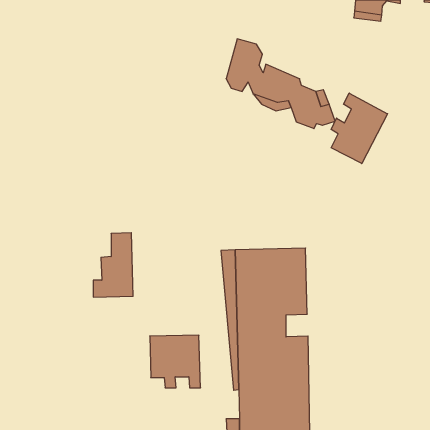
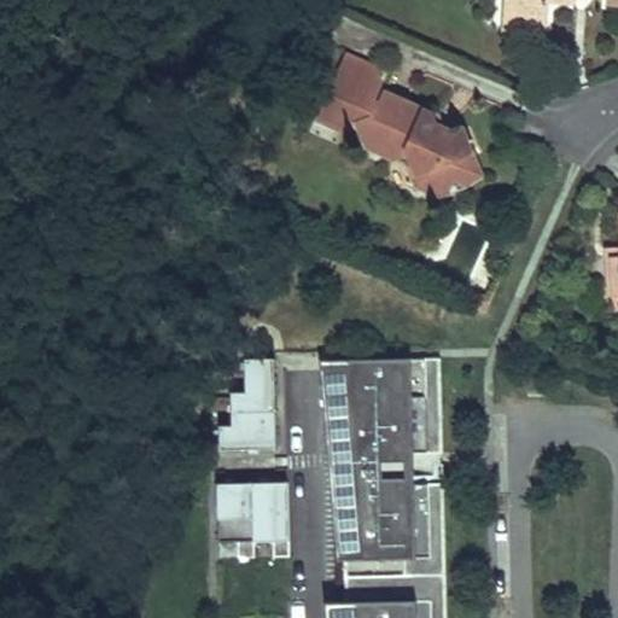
building: [331,93,388,164] -> none
building: [93,233,133,297] -> [220,357,276,449]

